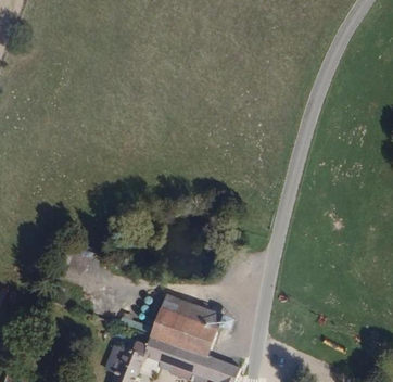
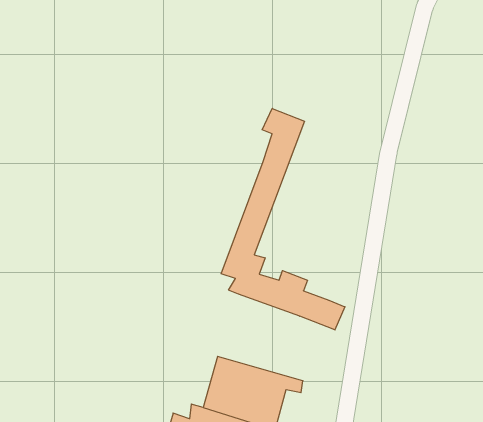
building: none -> [221,108,345,330]

